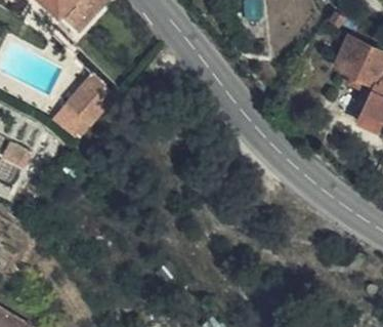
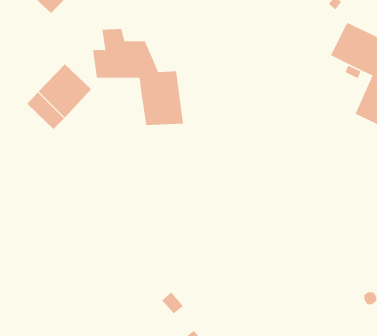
building: none -> [92,28,184,126]

